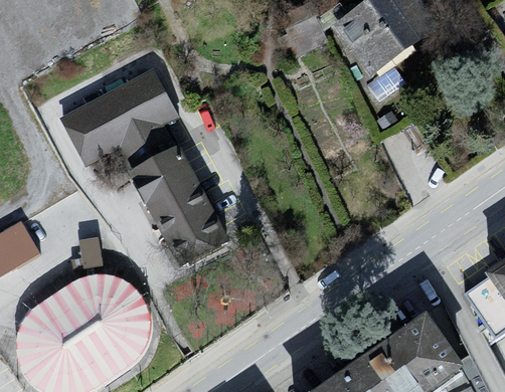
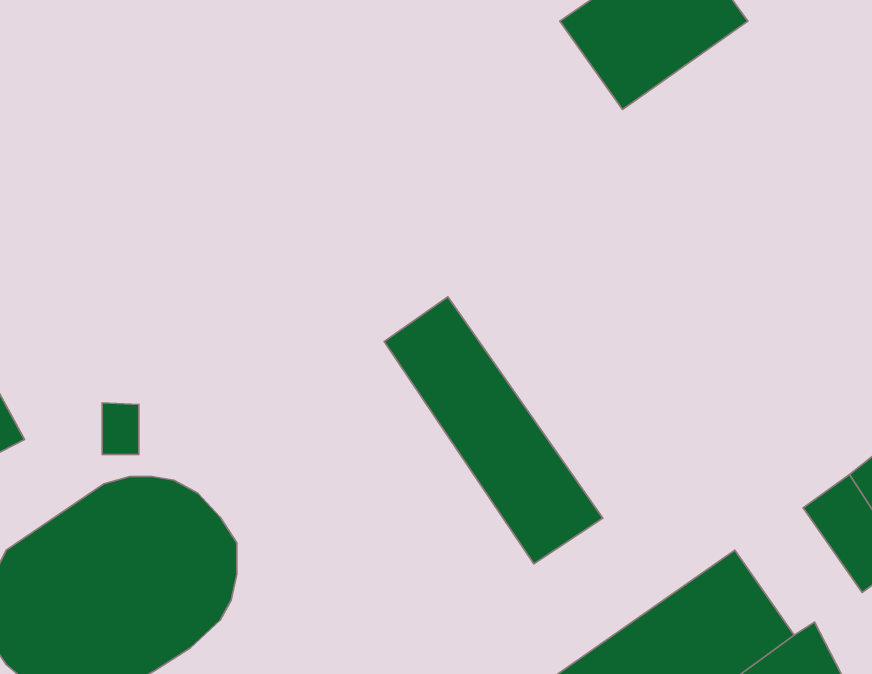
building: [59,68,228,267] -> none
building: none -> [384,297,603,564]

